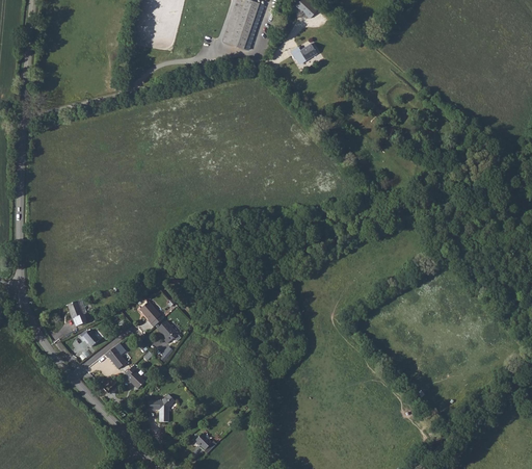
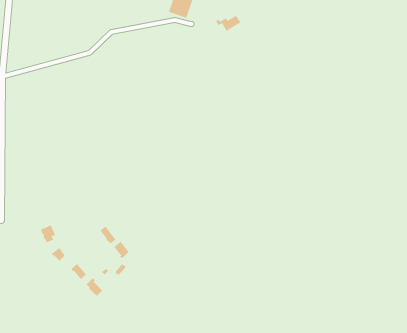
building: [148,394,176,422] -> none

